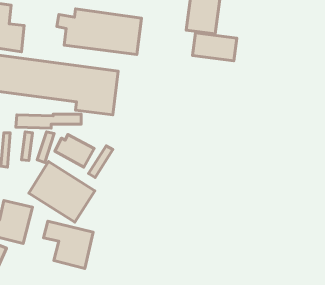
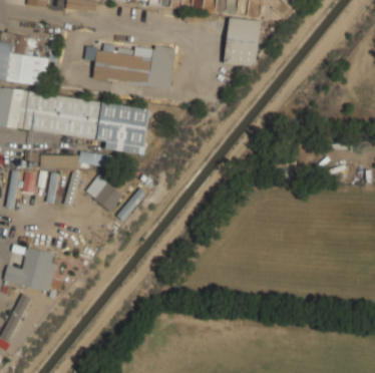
building: [193,33,237,61] -> none
building: [29,162,95,222] -> none
building: [44,221,93,269] -> none

